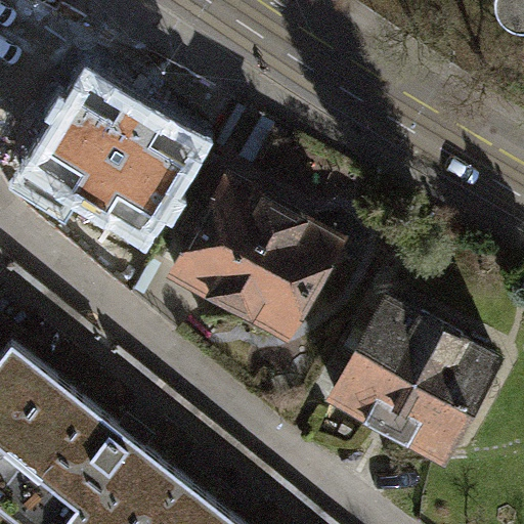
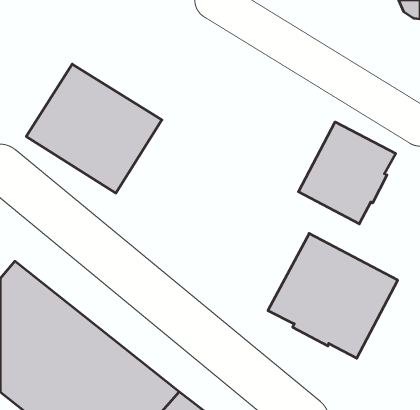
building: none -> [298,122,396,224]
building: [169,179,336,340] -> none

